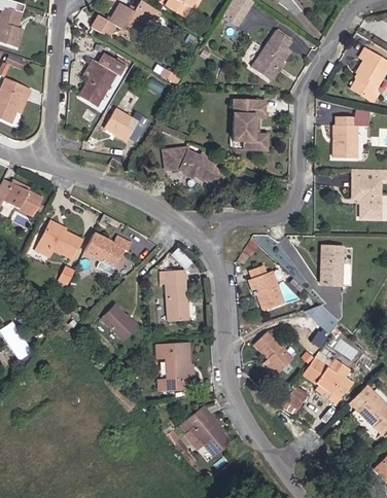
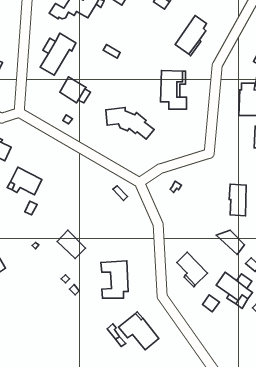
building: [84,233,132,275] -> none
building: [249,264,284,310] -> none
building: [160,270,187,321] -> none

